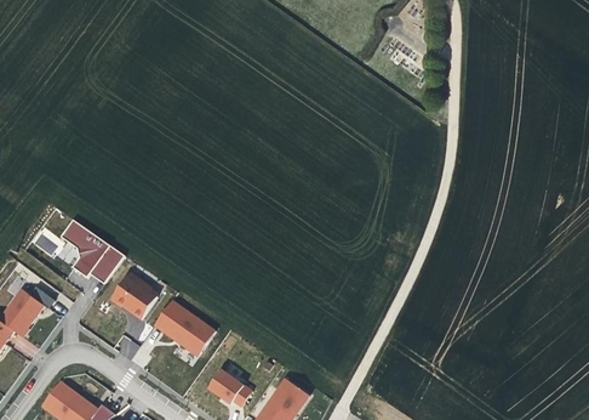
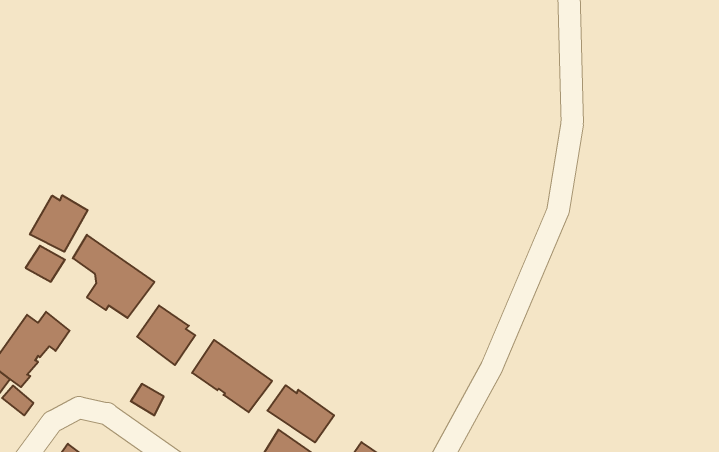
building: none -> [30,195,88,252]
building: none -> [267,385,334,442]

